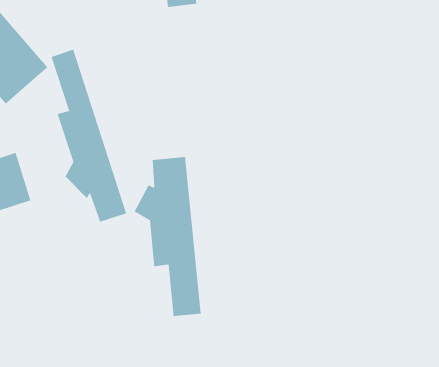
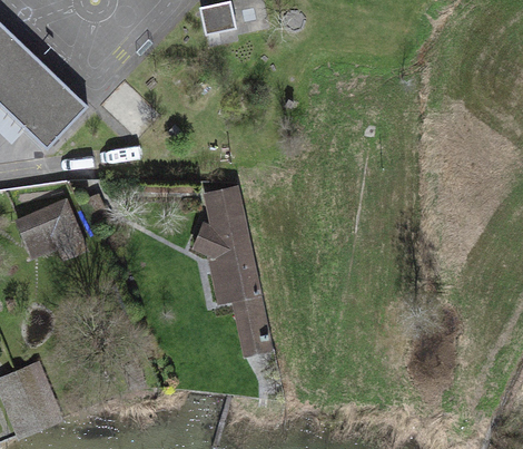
building: [51,49,127,223] -> none

